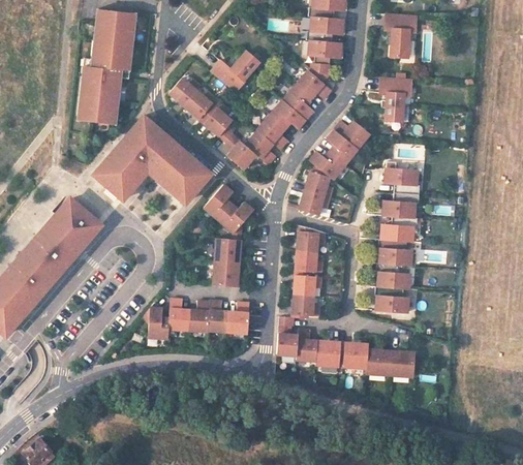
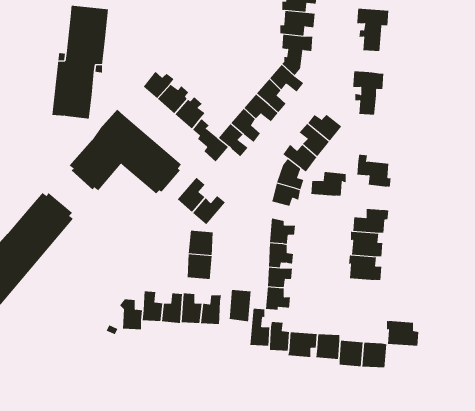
building: [211,51,259,92] -> none
building: [382,192,419,217] -> [311,171,346,196]
building: [375,286,408,312] -> [386,321,419,346]
building: none -> [229,289,251,322]

